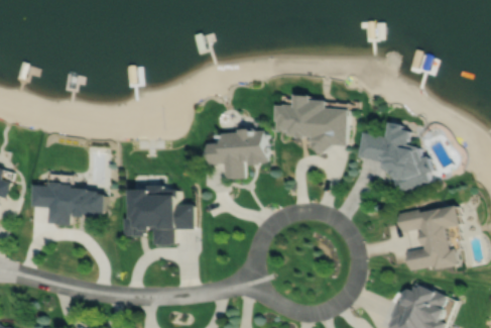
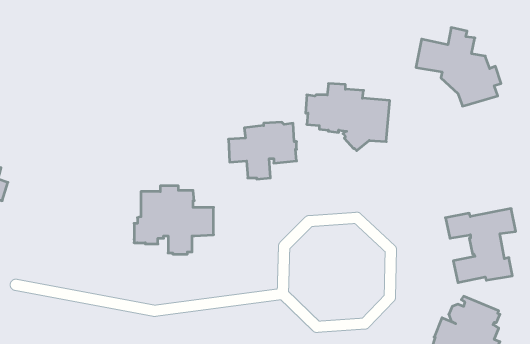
building: [358,121,434,191] -> [416,28,501,106]
building: [30,182,103,225] -> none

